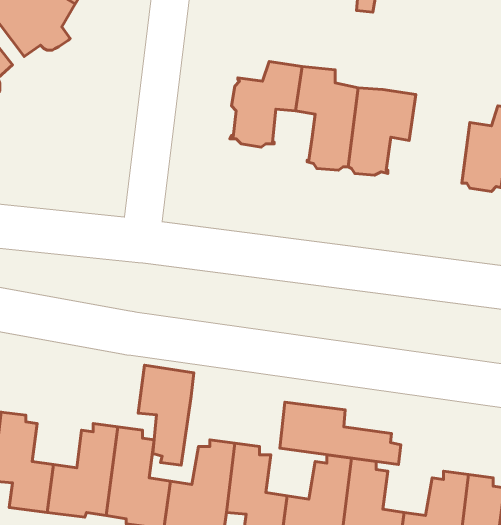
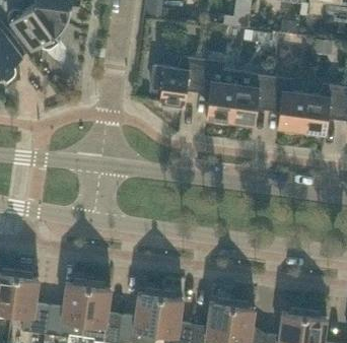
building: none -> [268,75,305,132]
building: [138,365,194,465] -> none
building: [280,402,401,464] -> none

